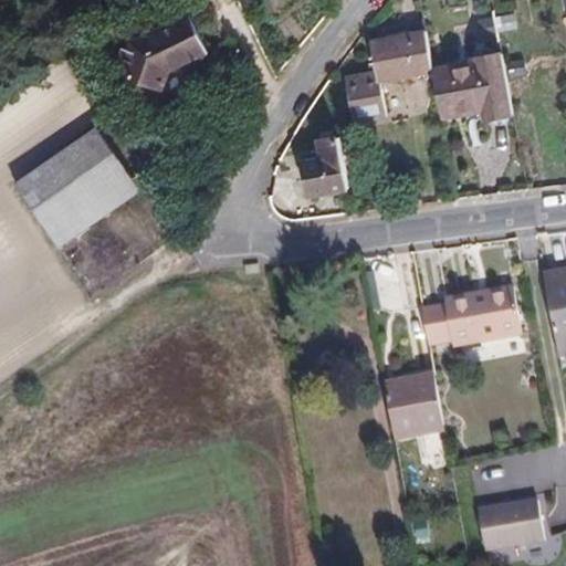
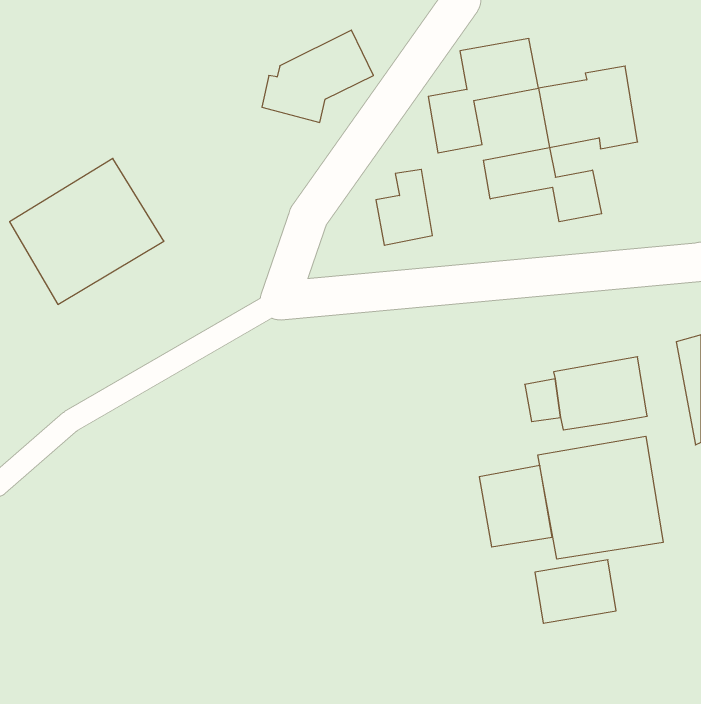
building: [120,20,210,94] -> [262,30,373,122]
building: none -> [483,147,602,222]
building: none -> [538,436,663,559]
building: [478,500,543,551] -> [535,560,616,623]

